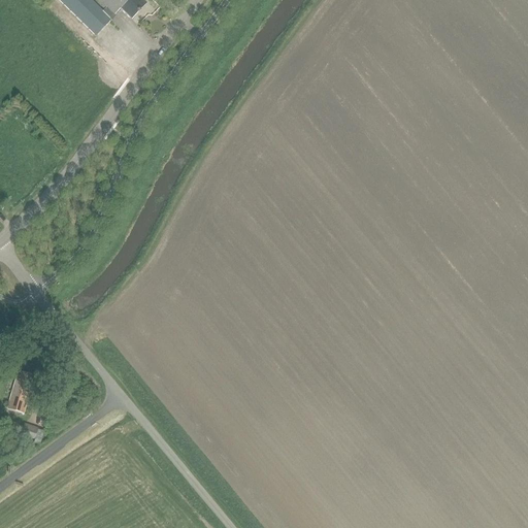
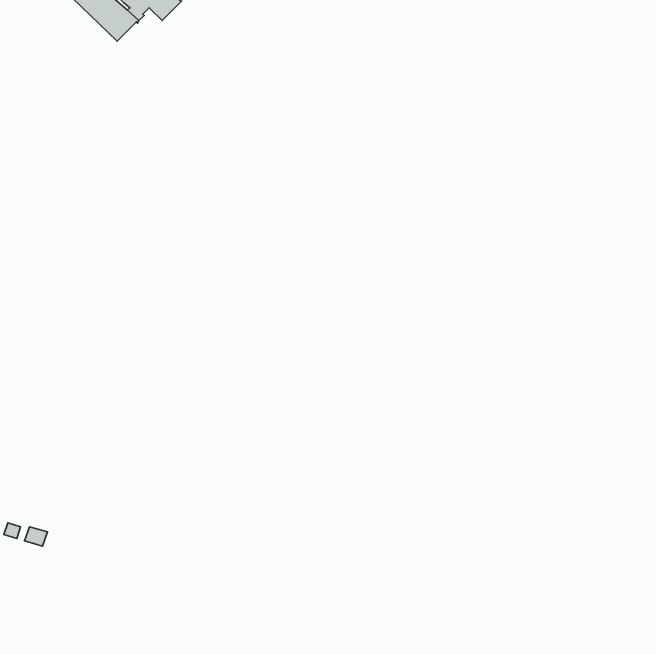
building: [7,370,34,412] -> none

